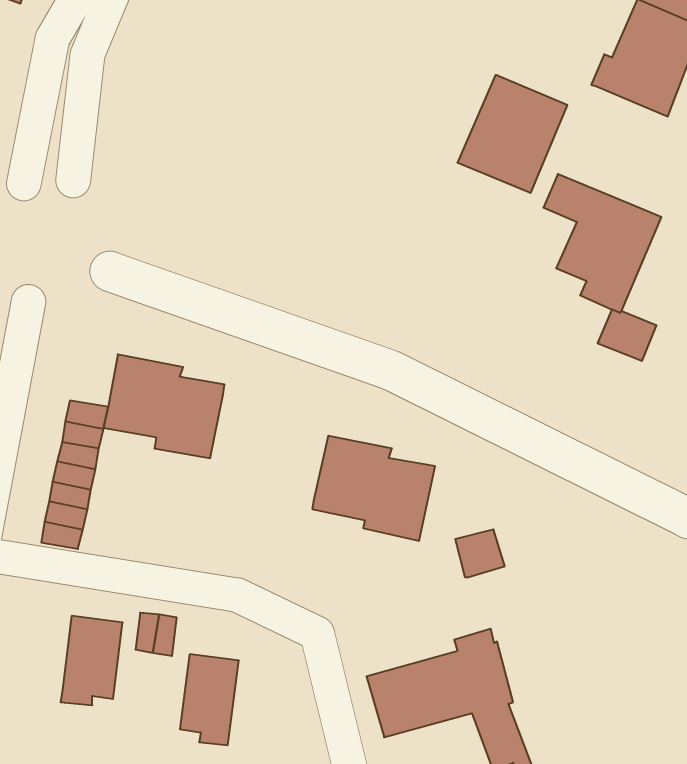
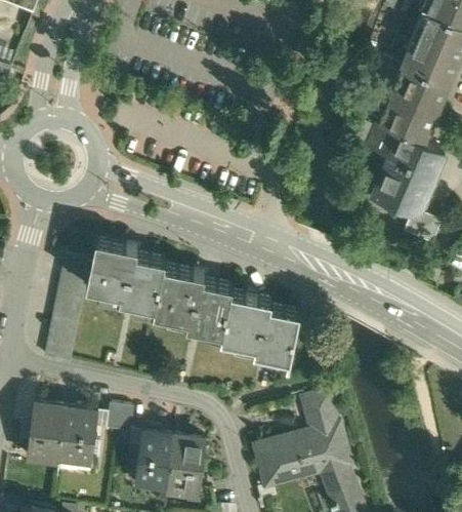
building: [457,75,567,193] -> [376,70,447,146]
building: none -> [152,268,229,336]
building: [455,529,505,577] -> [301,395,333,426]
building: none -> [24,406,64,464]
building: none -> [164,439,204,498]

